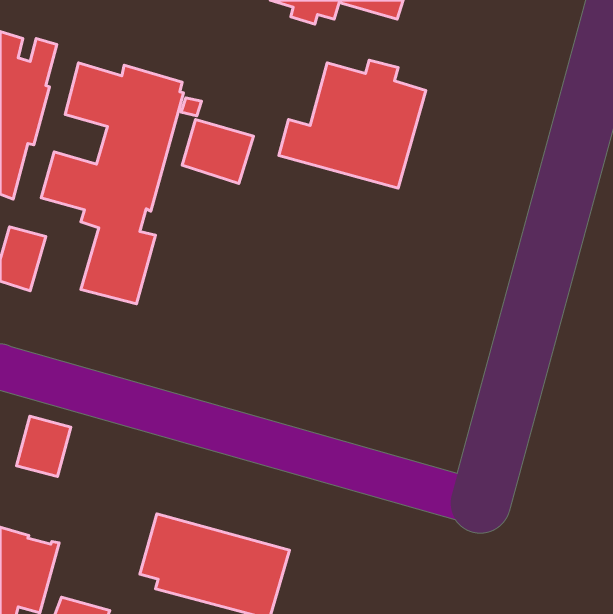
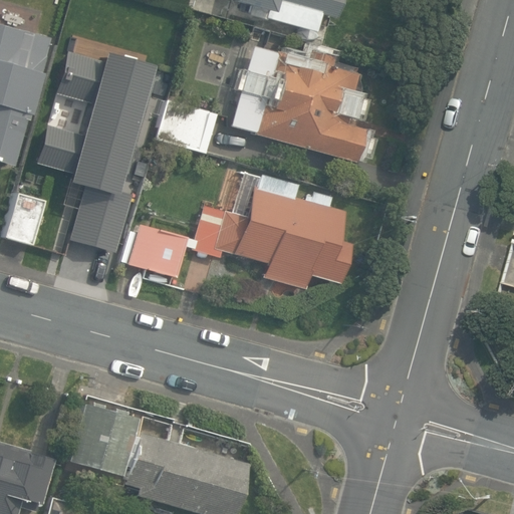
building: none -> [124,170,348,285]
building: [17,416,71,477] -> [80,404,125,454]

